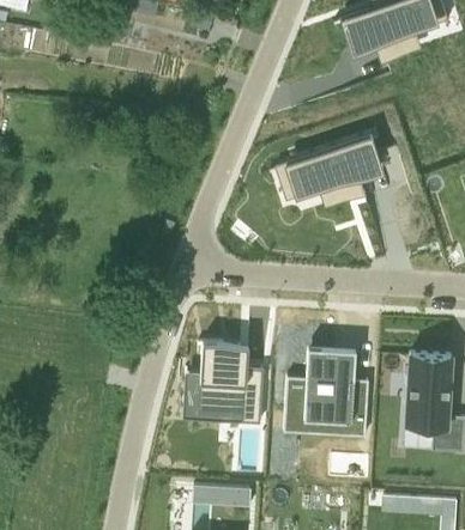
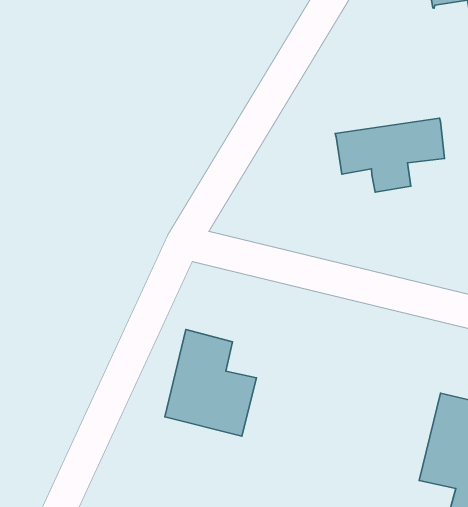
building: [284,346,368,435] -> none

